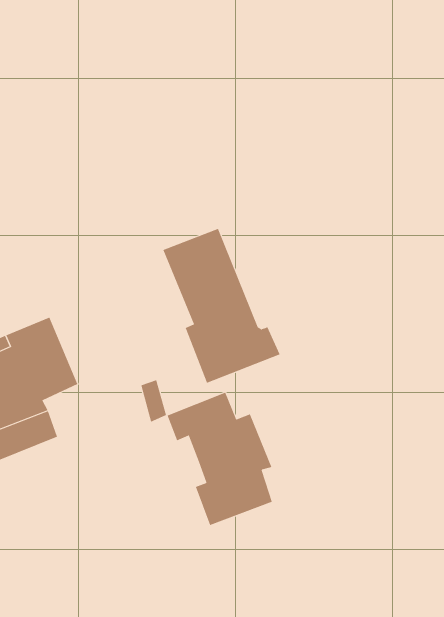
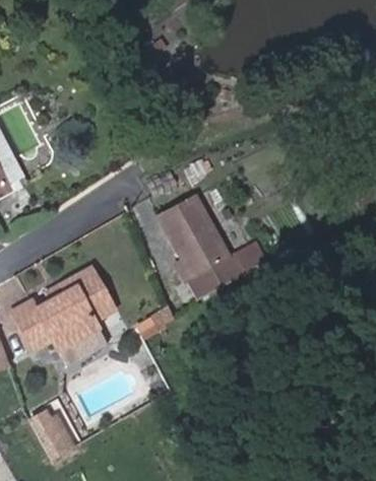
building: [167,392,273,526] -> none

